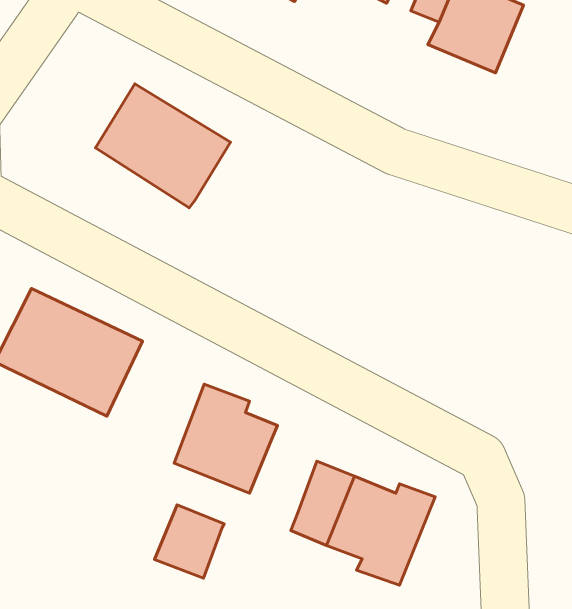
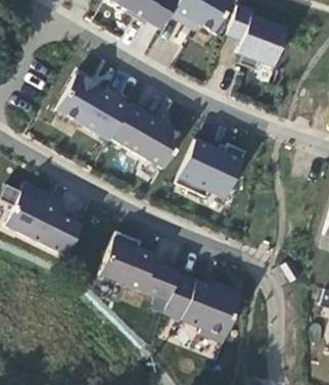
building: none -> [111,99,187,167]
building: none -> [177,136,243,198]
building: [155,505,224,578] -> [141,264,179,304]

